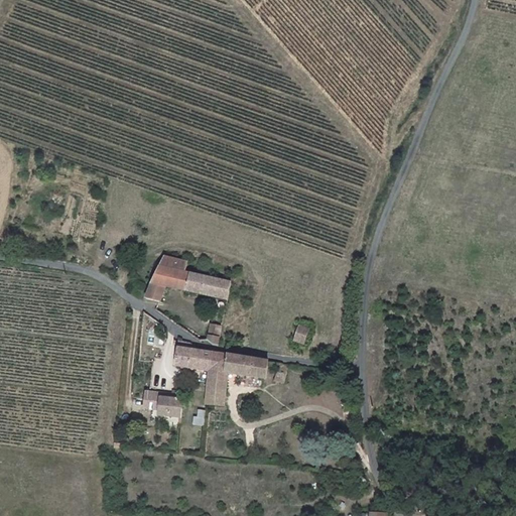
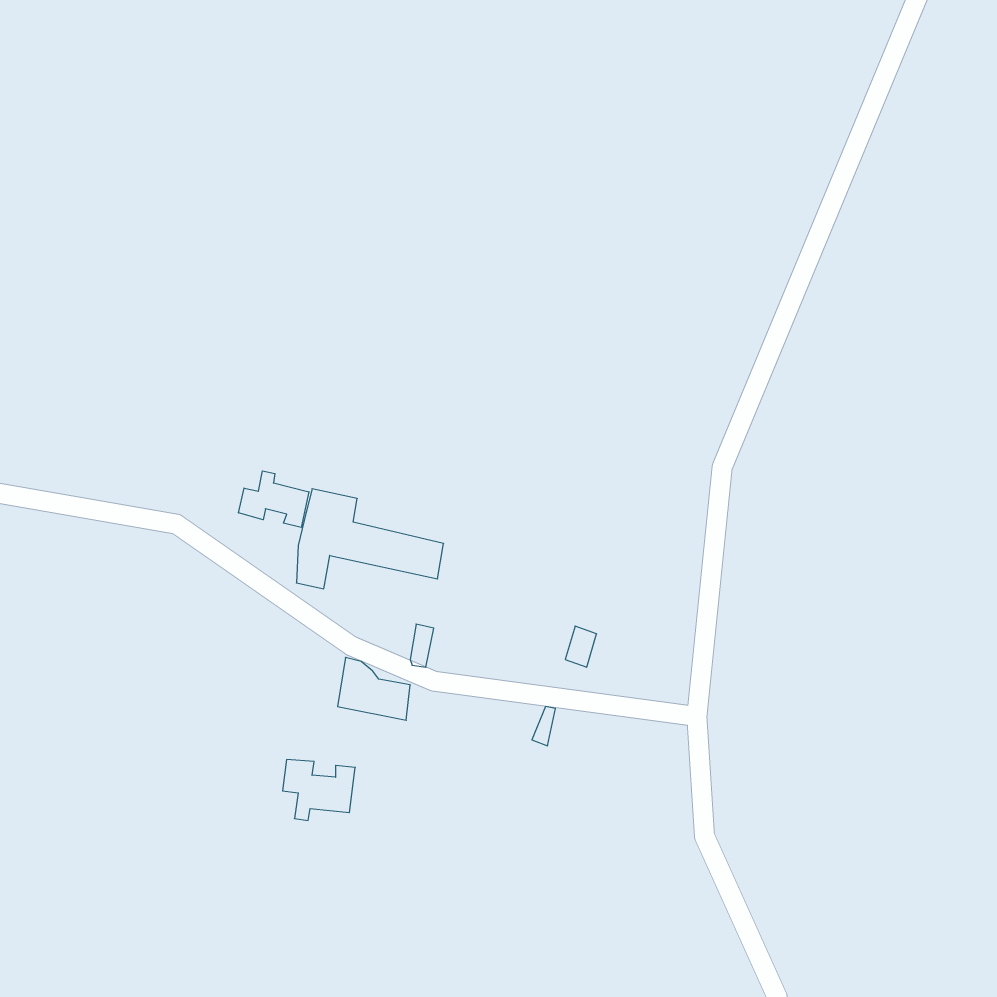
building: none -> [239,471,309,527]
building: [205,352,267,405] -> none

